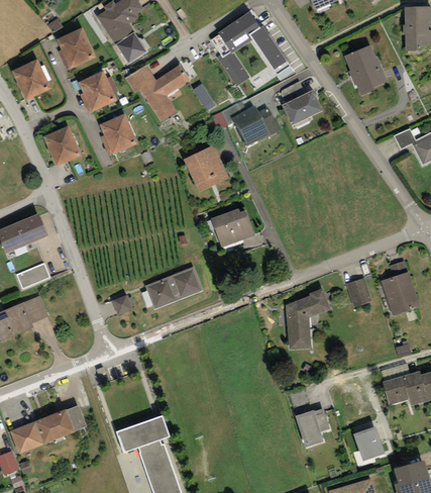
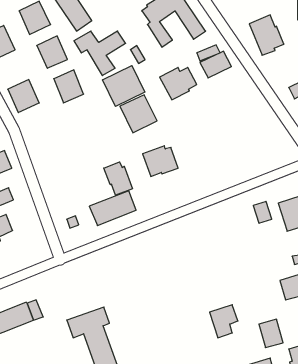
building: none -> [103,66,145,106]
building: none -> [104,162,133,195]
building: [285,289,330,349] -> none

